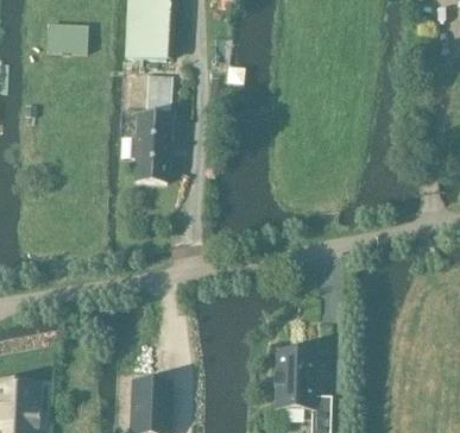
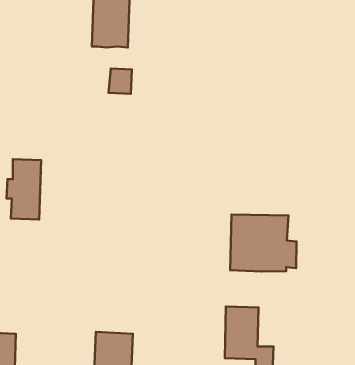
building: [48,23,88,52] -> none
building: [130,113,169,181] -> [6,159,41,219]
building: none -> [230,214,297,272]

